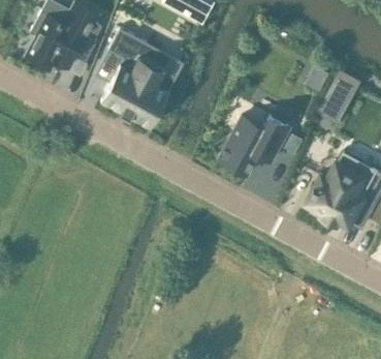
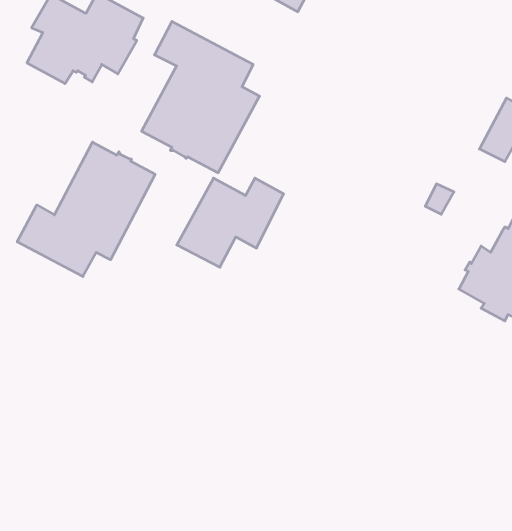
building: none -> [17,142,155,277]
building: [220,115,289,173] -> [177,178,284,267]

